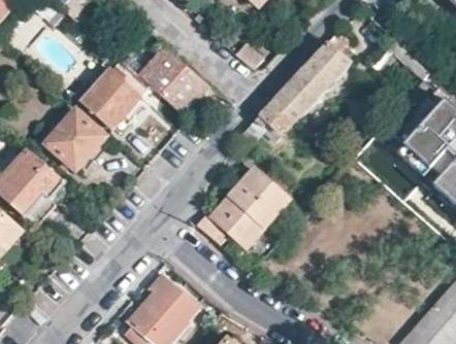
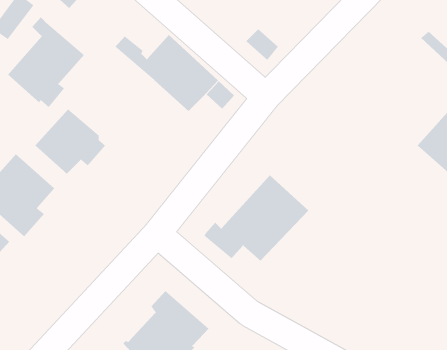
building: [238,30,351,146] -> none
building: [83,51,152,133] -> [7,16,85,108]

